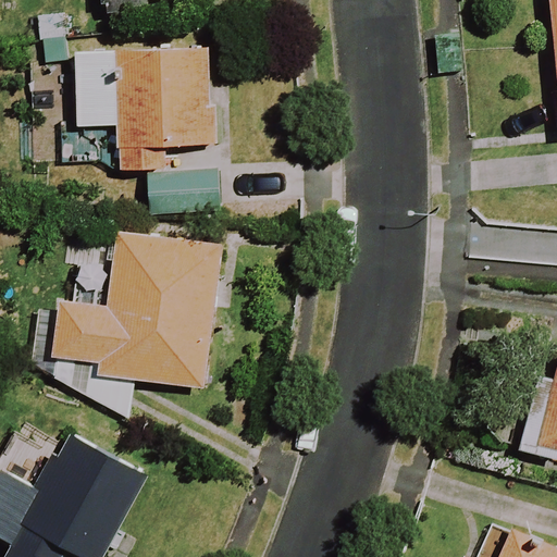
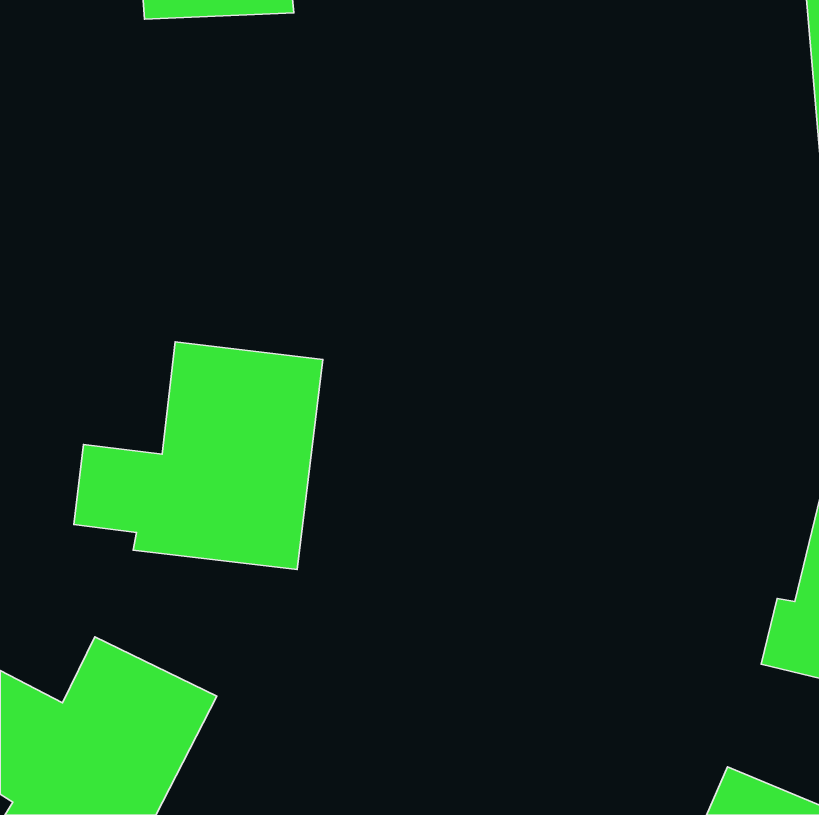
building: [71,50,214,195] -> none

